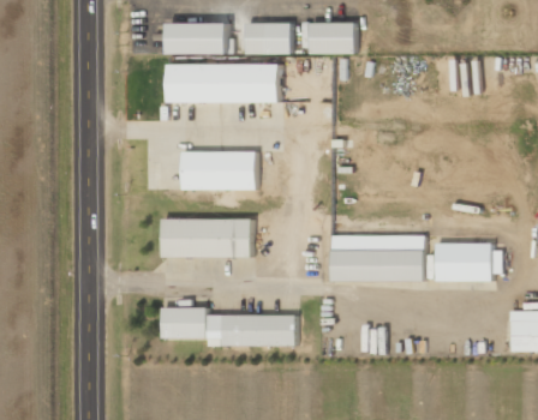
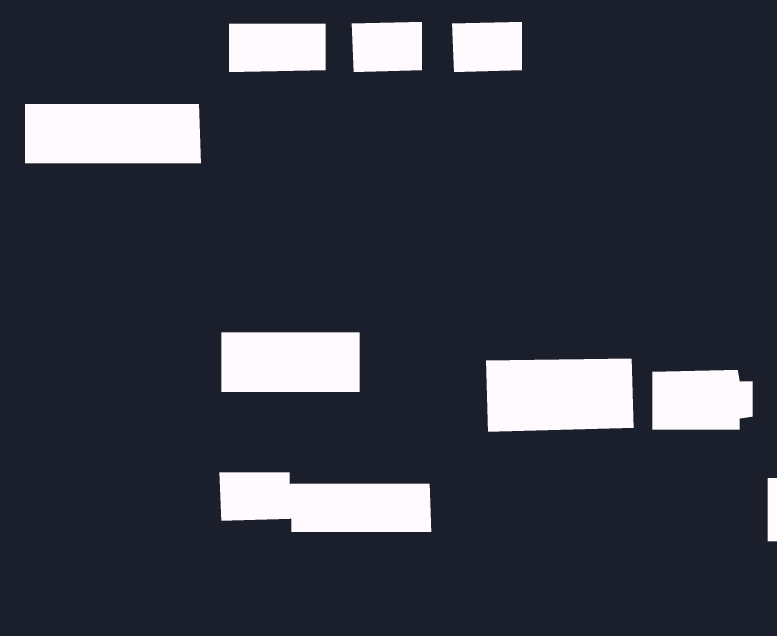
building: [166,64,279,102] -> [24,103,202,164]
building: [180,150,255,190] -> none

